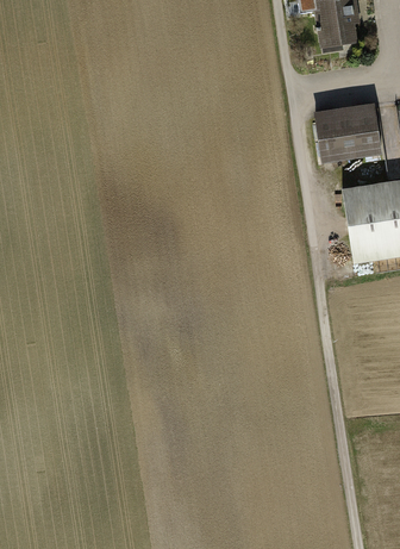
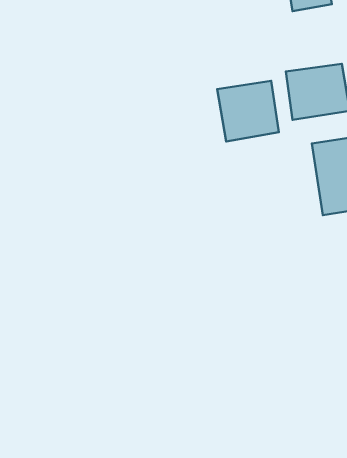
building: none -> [217,81,279,142]

